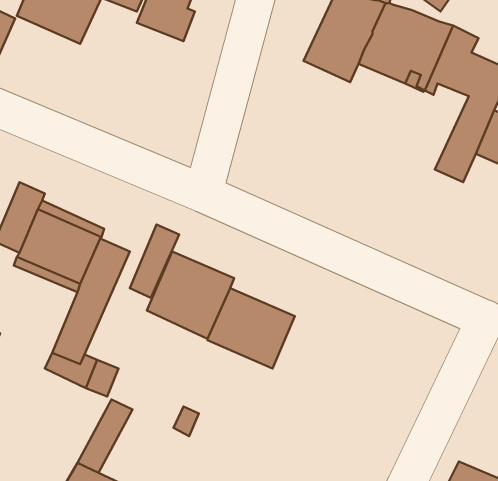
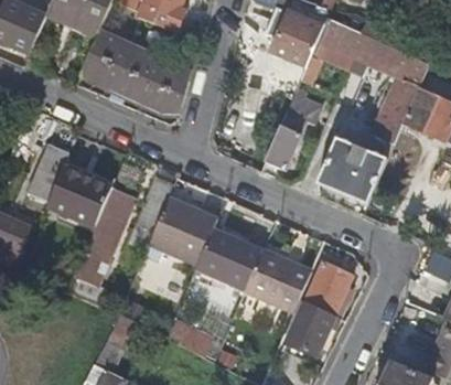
building: none -> [80,32,190,109]
building: none -> [262,86,322,170]
building: none -> [315,138,387,205]
building: none -> [245,249,311,311]
building: none -> [286,261,352,357]

